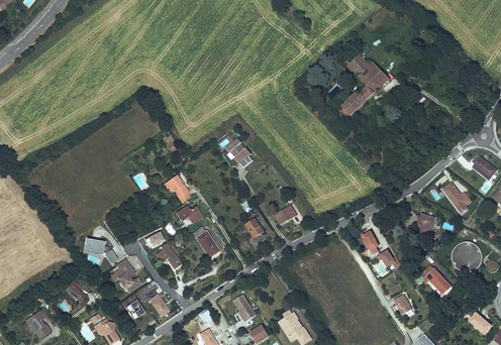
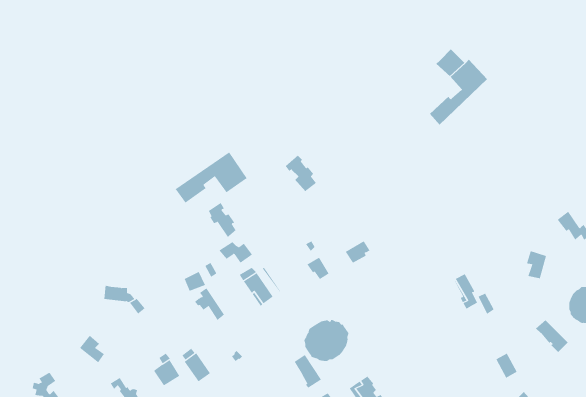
building: none -> [175,152,248,203]
building: [114,258,140,291] -> none
building: none -> [304,319,349,362]

